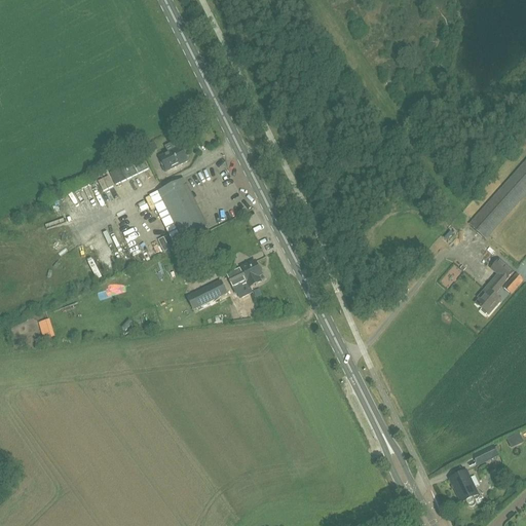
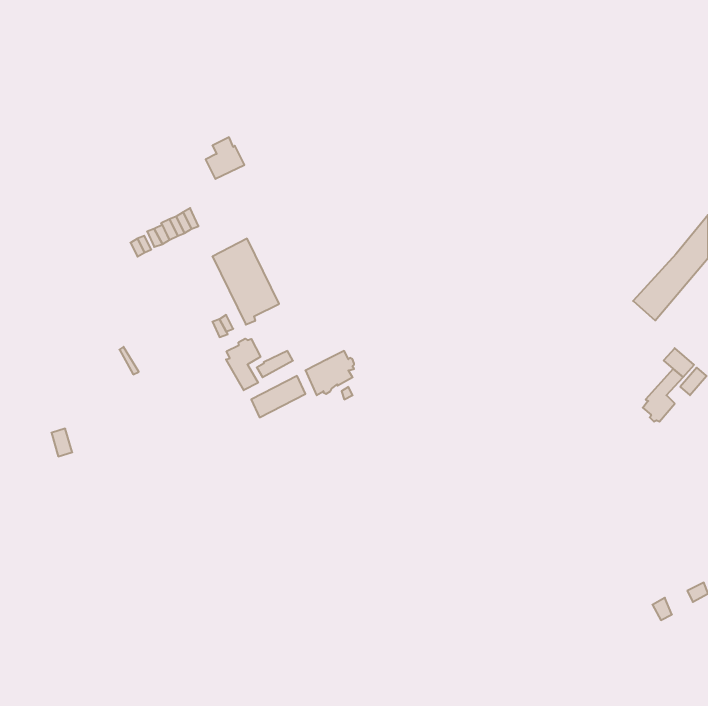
building: [158,139,187,170] -> [206,137,244,179]
building: none -> [226,339,260,390]
building: [449,469,477,505] -> none

